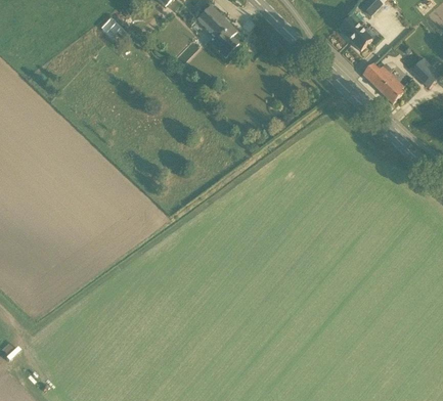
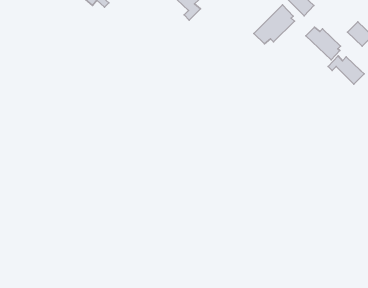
building: none -> [254,5,294,44]
building: none -> [328,56,364,84]

